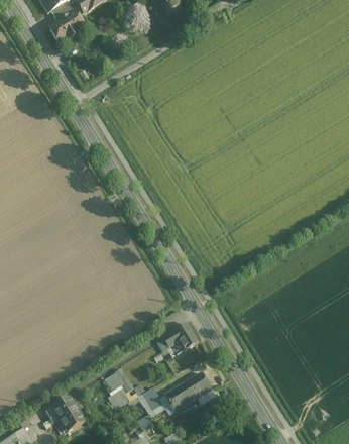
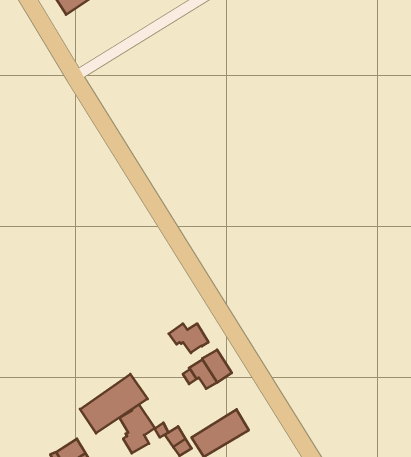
building: none -> [169,324,208,353]
building: none -> [80,374,148,433]

